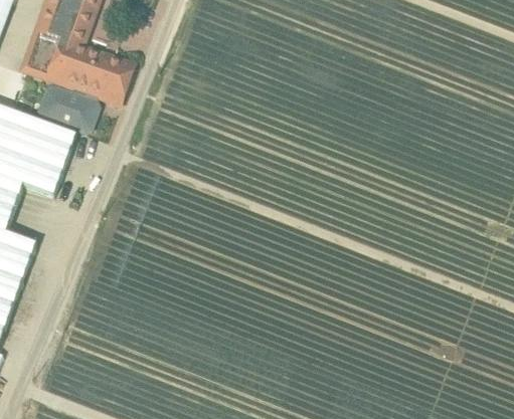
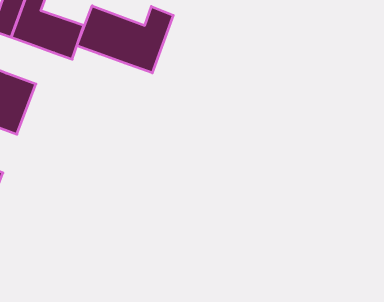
building: none -> [77,6,173,73]
building: [37,83,99,133] -> none

